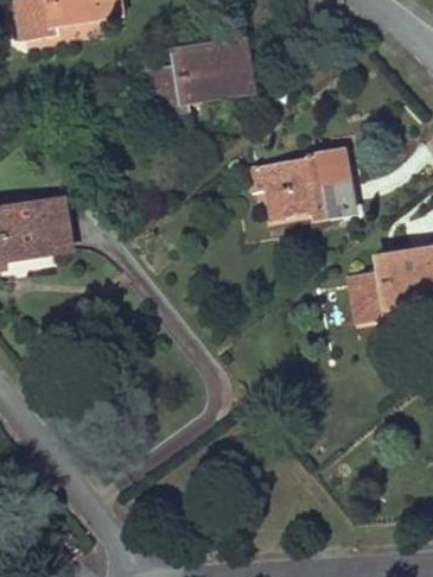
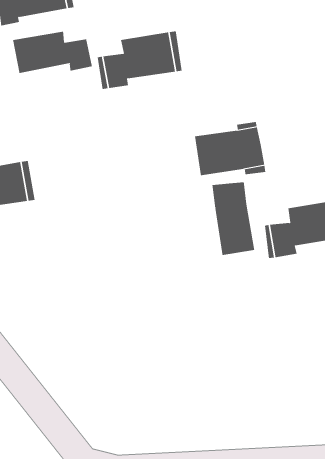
building: none -> [13,31,93,74]
building: none -> [212,182,255,256]

